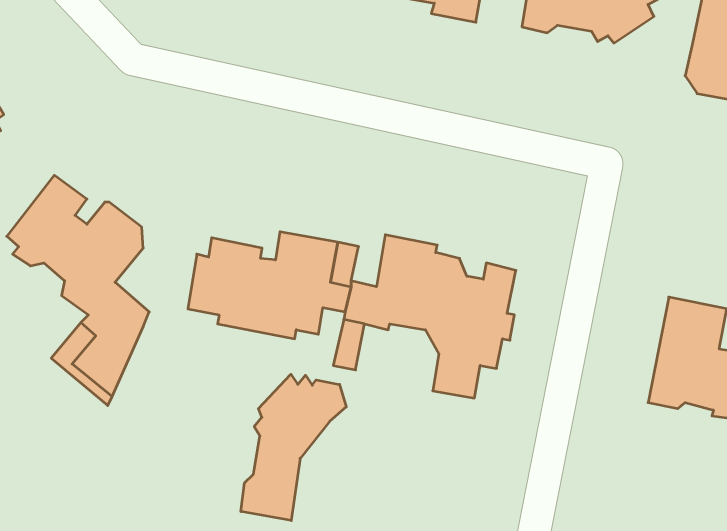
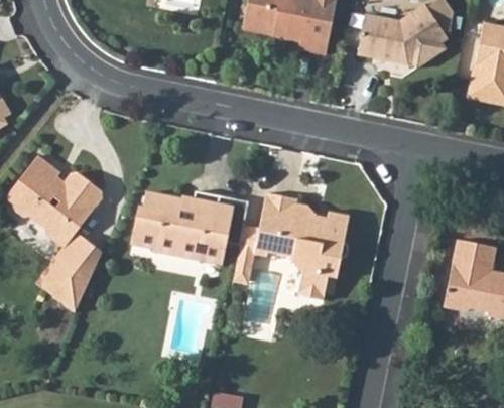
building: [241,374,346,521] -> none

